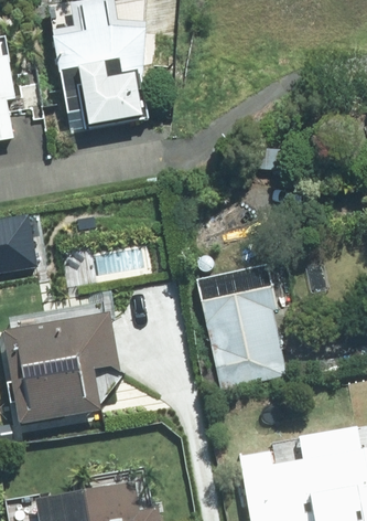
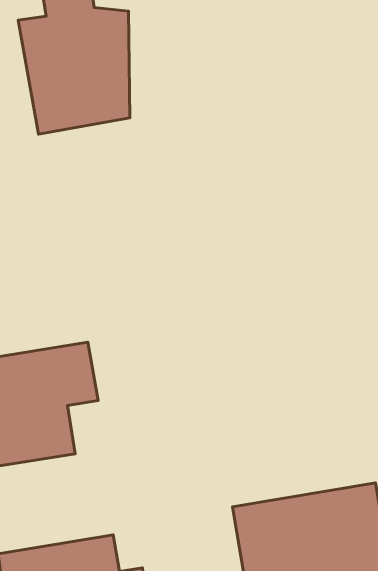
building: [201,284,288,385] -> none

